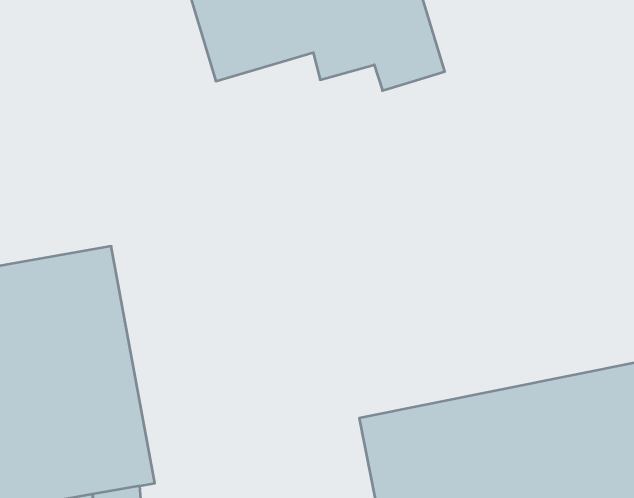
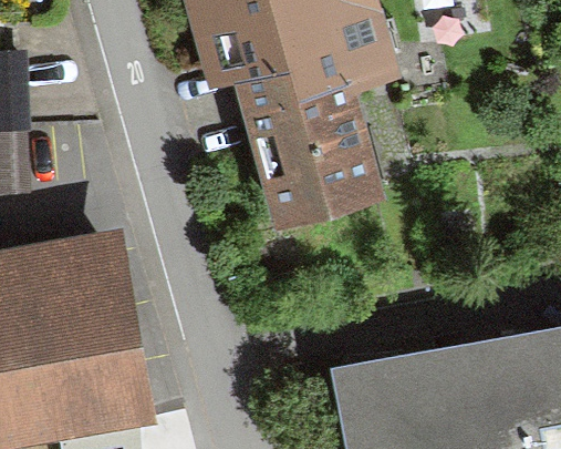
building: none -> [232,60,387,226]

